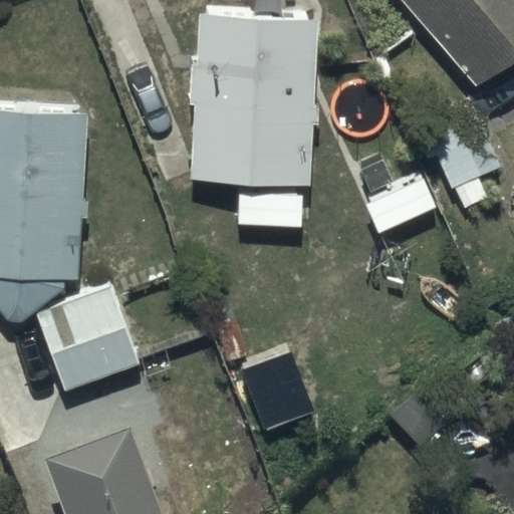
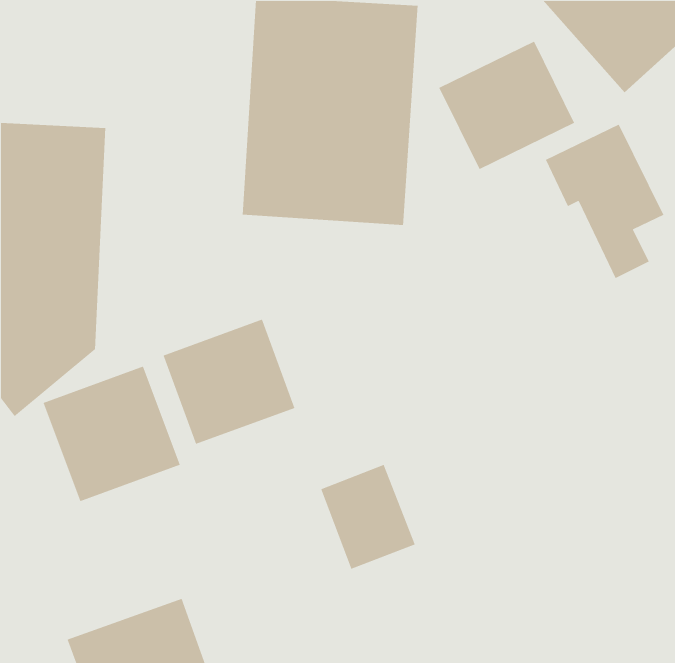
building: none -> [438,41,575,170]
building: none -> [162,319,295,445]

